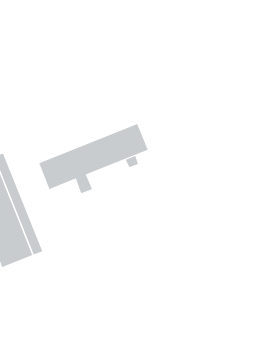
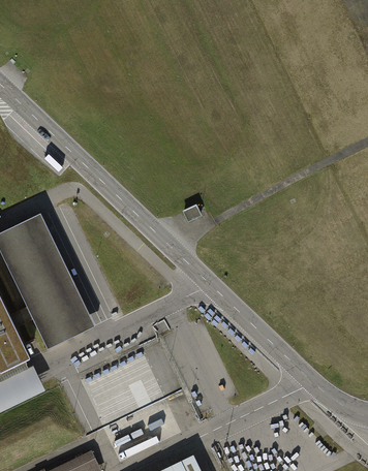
building: [38,123,149,194] -> none

